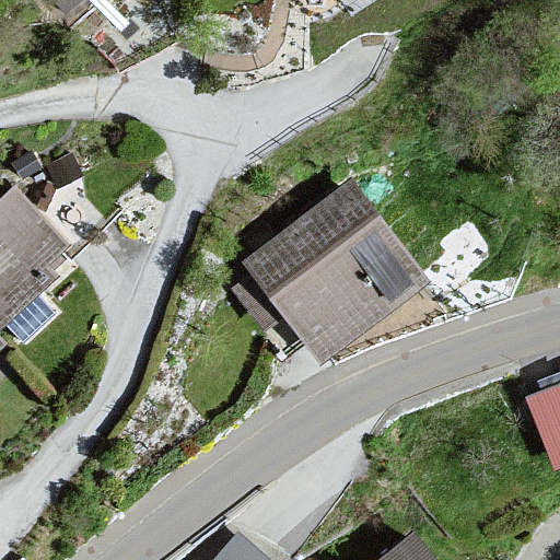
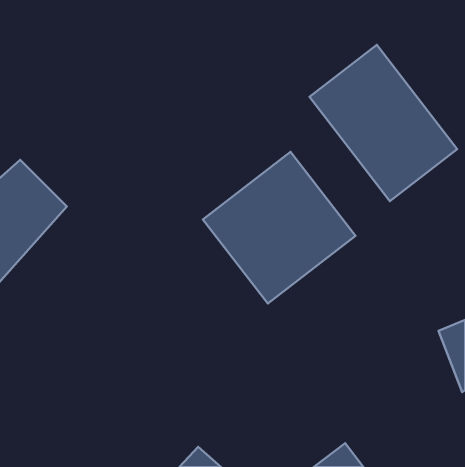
building: none -> [309,45,457,201]

